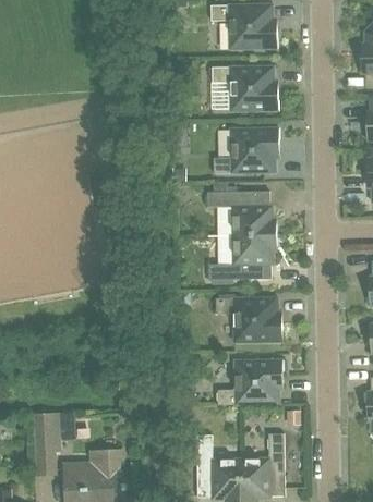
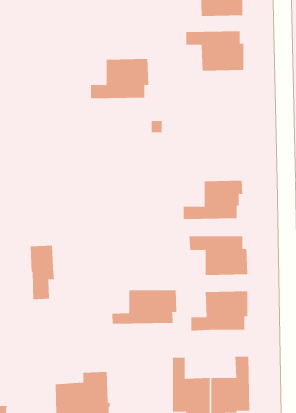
building: [213,127,279,173] -> [90,59,149,99]
building: [207,191,276,235] -> none
building: none -> [112,289,177,325]
building: [34,412,62,474] -> [30,245,55,300]

